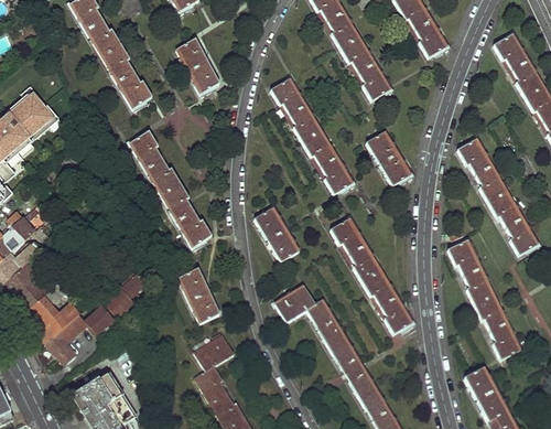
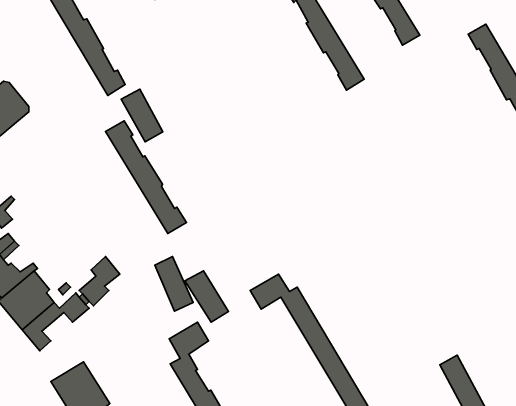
building: [176,39,218,92] -> [121,89,163,142]
building: [271,78,353,193] -> none
building: [368,131,410,183] -> none
building: [458,139,537,255] -> none
building: [255,207,299,259] -> [185,271,229,322]
building: [332,217,412,332] -> none
building: [449,239,520,357] -> none

